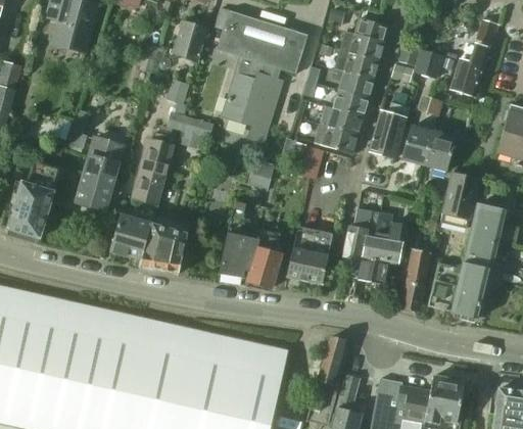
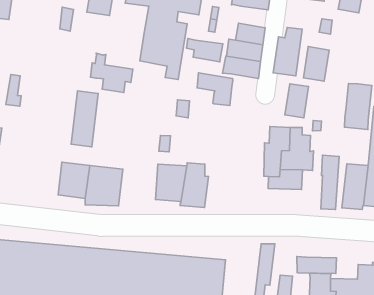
building: [333,68,374,99] -> [186,39,223,62]
building: [425,134,456,174] -> [285,84,309,118]
building: [76,139,123,211] -> none
building: [288,228,332,285] -> none
building: none -> [297,256,337,274]

